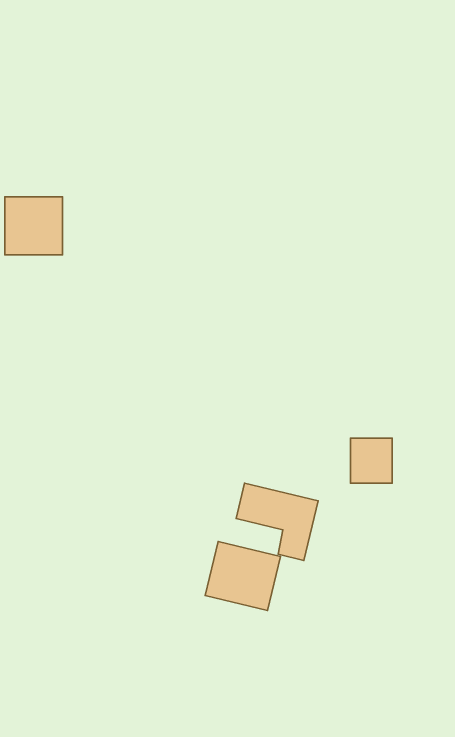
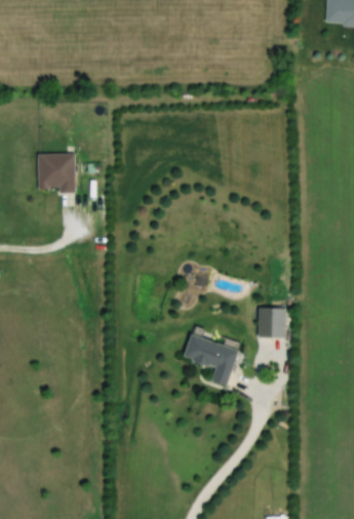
building: [205,541,281,611] -> none

